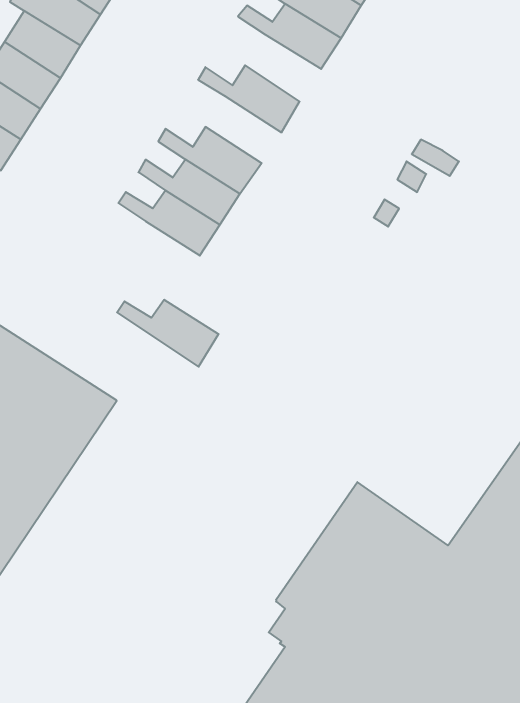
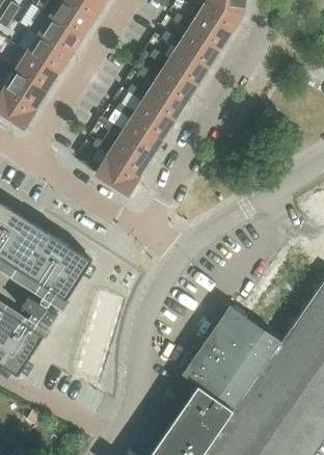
building: none -> [148,50,208,88]
building: none -> [126,85,185,124]
building: [117,300,219,367] -> [80,157,138,195]

